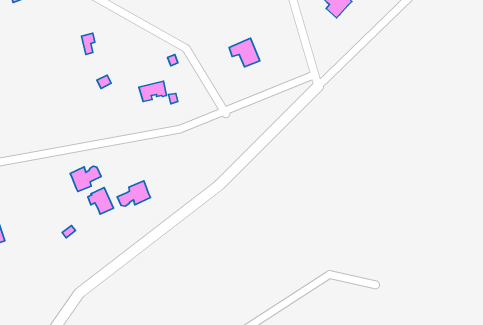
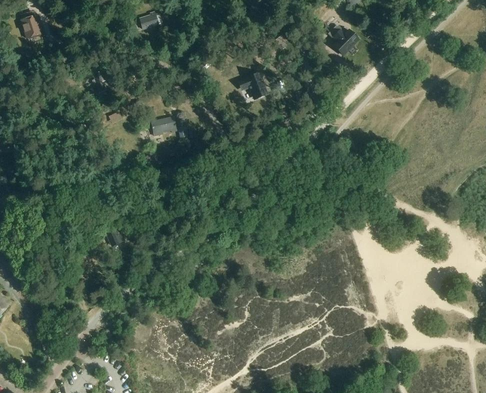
building: [70,166,101,192] -> none
building: [117,181,151,206] -> none

